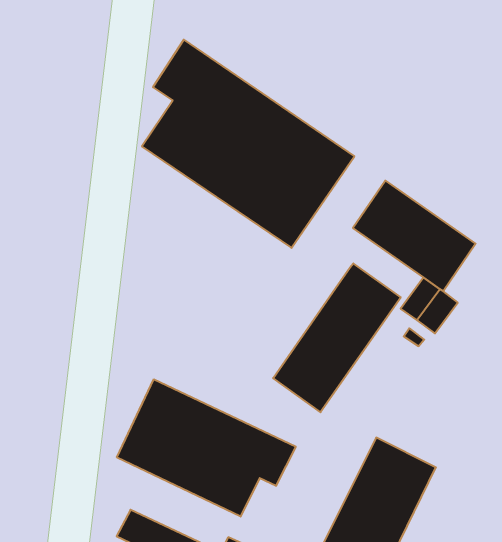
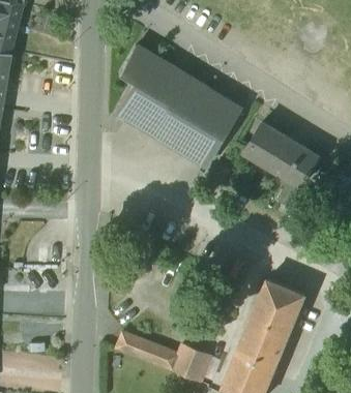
building: [273,263,401,412] -> none
building: [117,379,296,517] -> none

